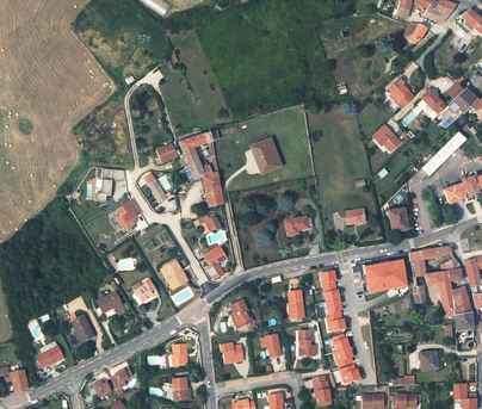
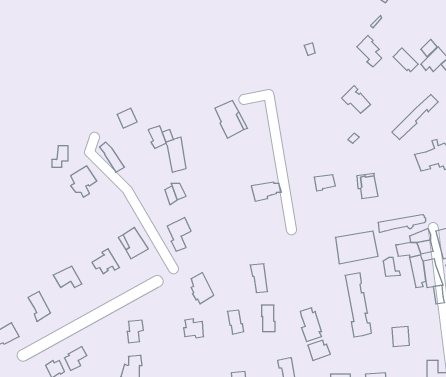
building: [180,131,214,165] -> none
building: [322,271,347,331] -> [345,273,371,337]

